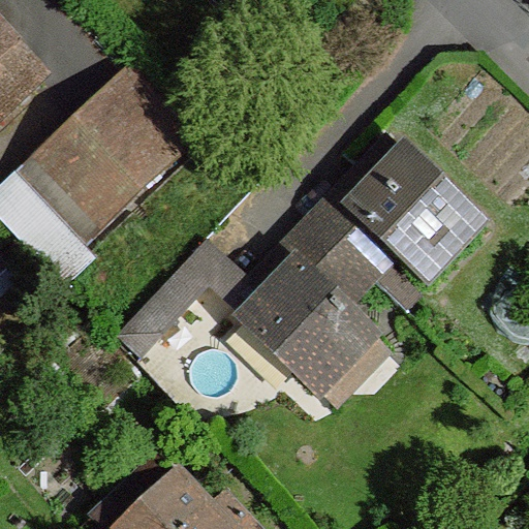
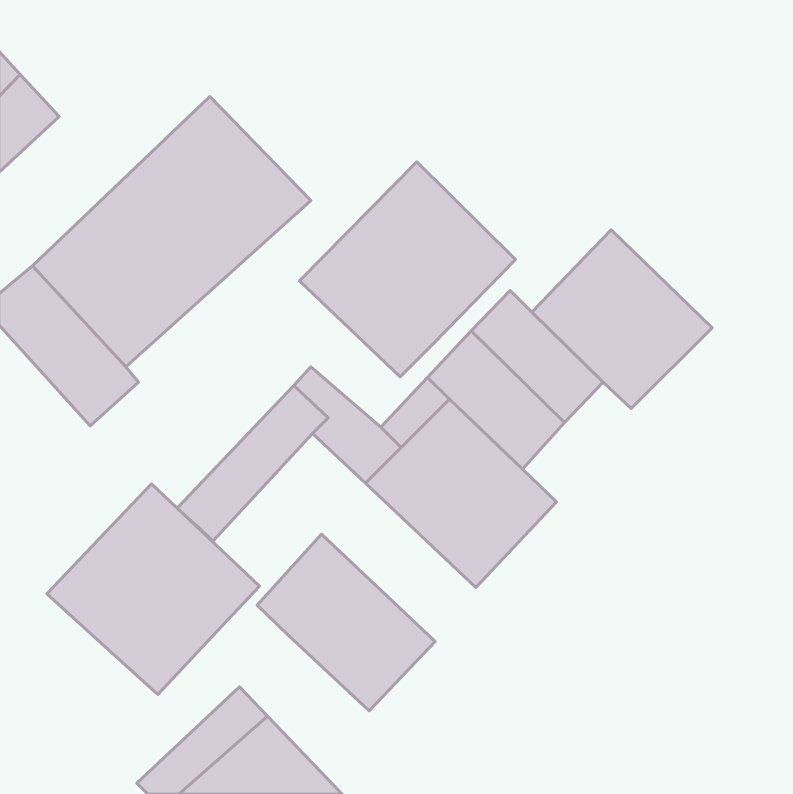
building: none -> [300,162,516,377]
building: none -> [47,484,260,695]
building: none -> [257,534,435,711]

